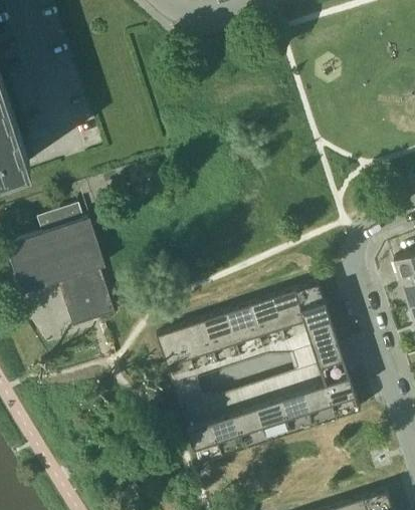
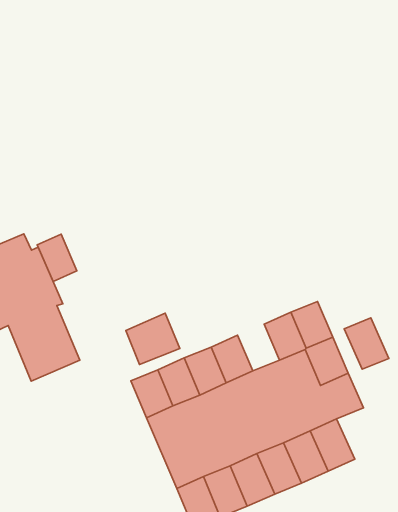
building: none -> [37,234,77,282]
building: none -> [126,313,180,364]
building: [248,298,281,336] -> none
building: [325,375,360,418] -> [344,318,389,369]

